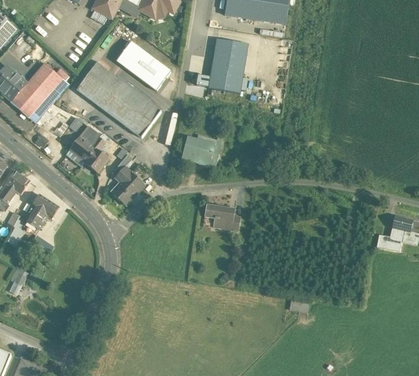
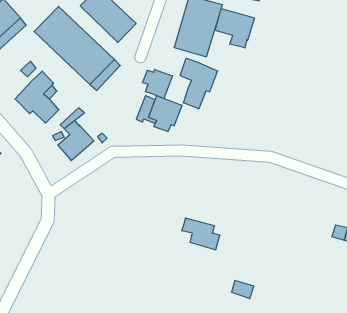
building: none -> [215,8,254,48]
building: none -> [180,58,217,109]
building: none -> [142,69,172,99]
building: [204,204,240,230] -> [182,218,220,250]

